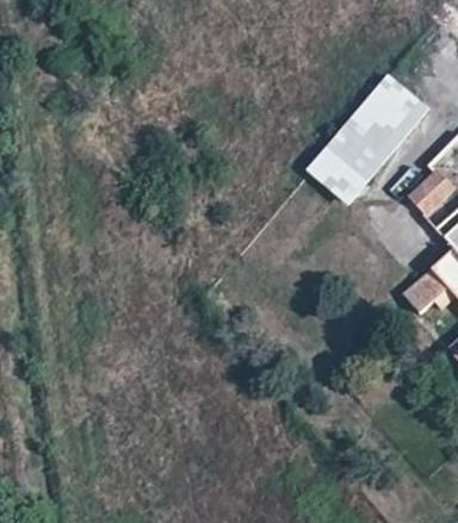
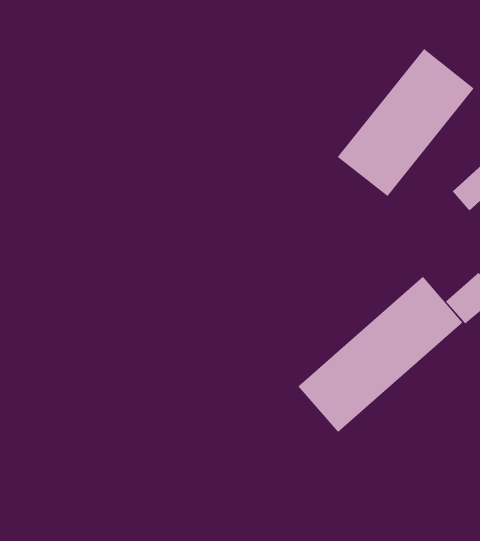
building: none -> [298,276,463,433]

